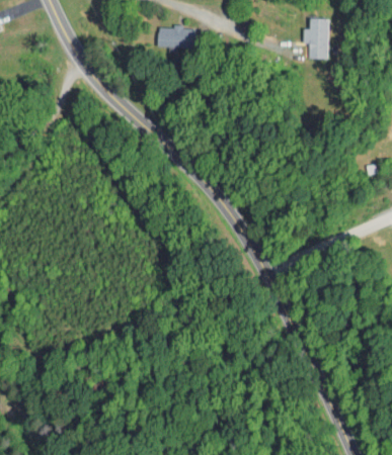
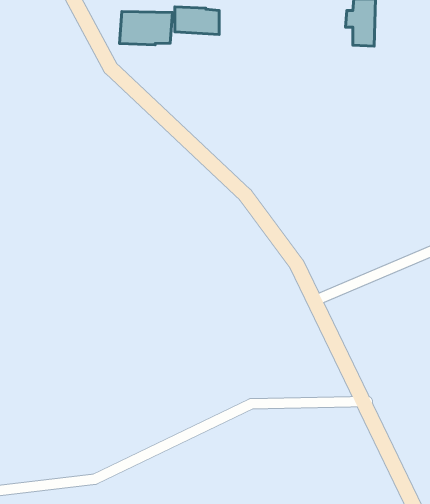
building: none -> [119,11,173,45]

